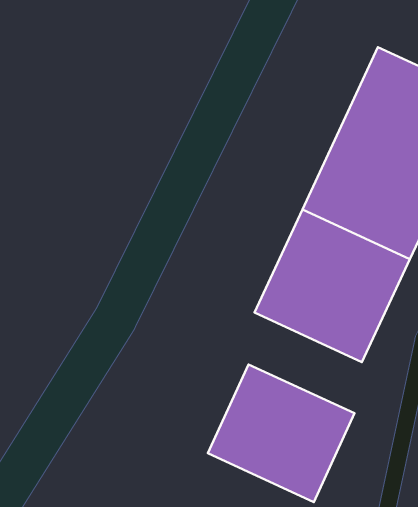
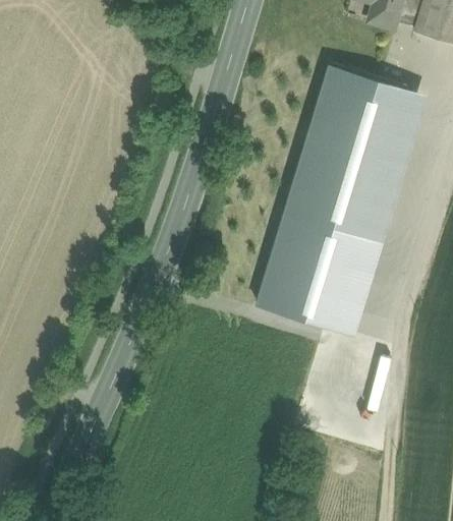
building: [208,364,355,502] -> none

